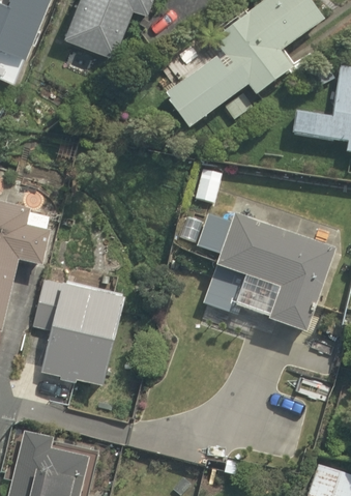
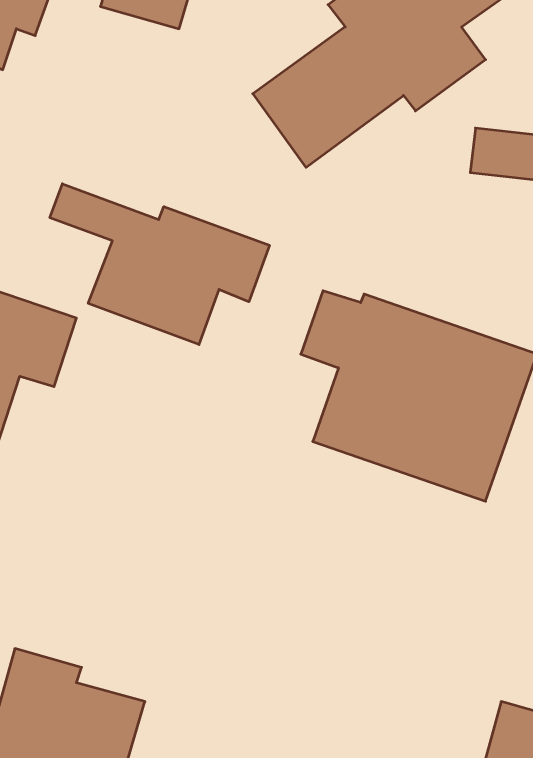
building: none -> [50,184,269,345]
building: [26,261,147,397] -> none

